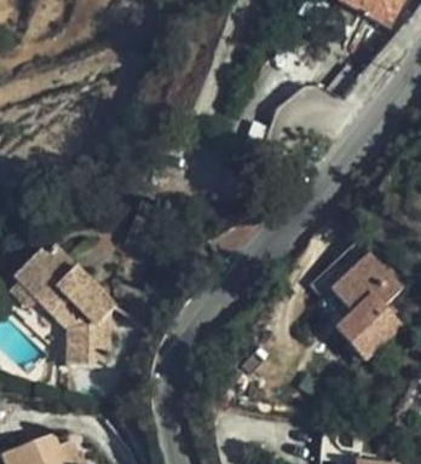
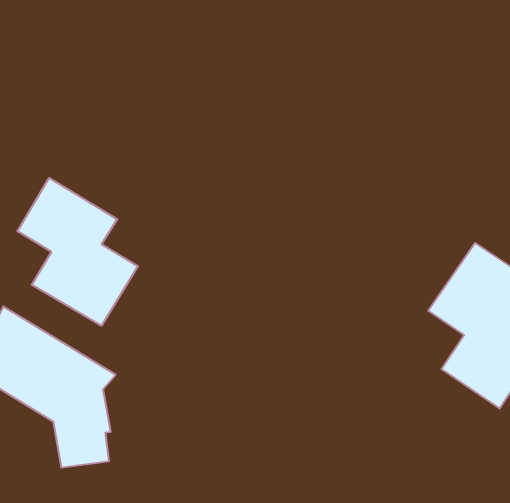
building: none -> [17,178,138,326]

